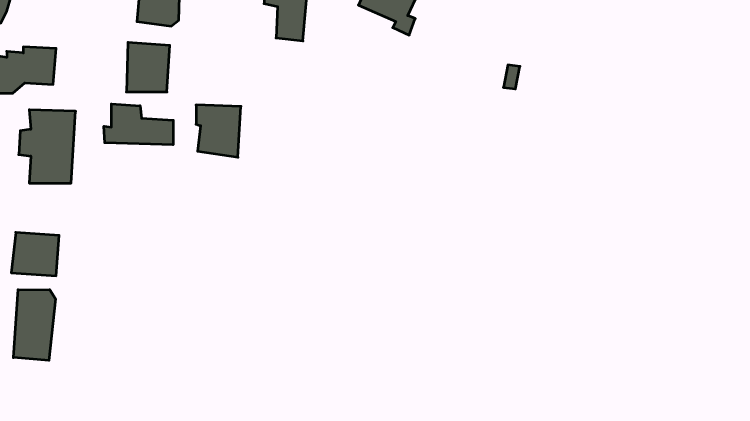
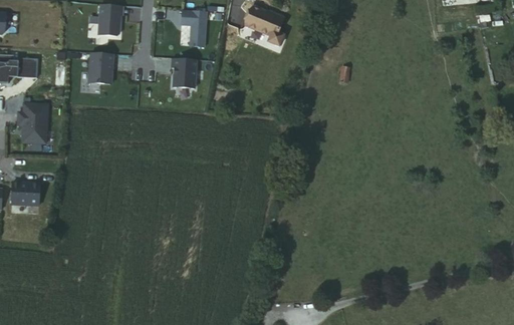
building: [104,104,173,145] -> none
building: [196,105,241,157] -> [170,56,200,91]
building: [13,290,55,360] -> none

